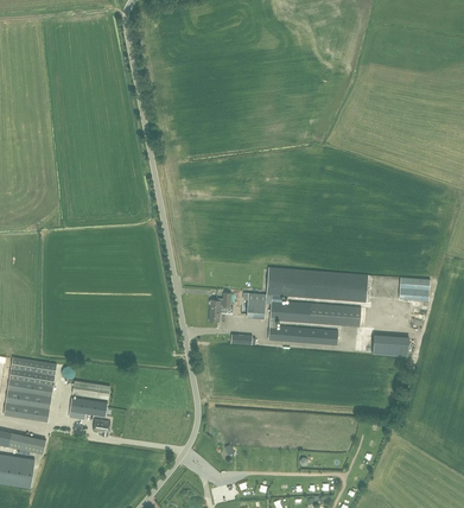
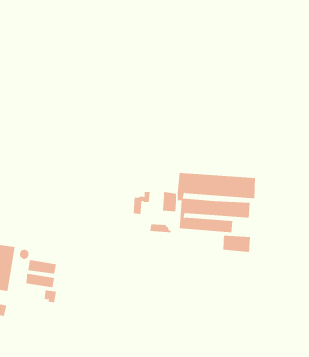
building: [398,277,428,300] -> none
building: [371,335,408,357] -> [222,235,251,252]

